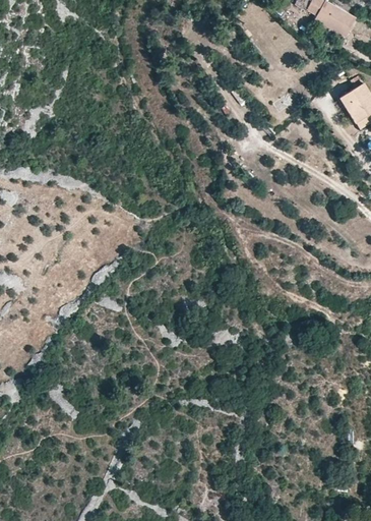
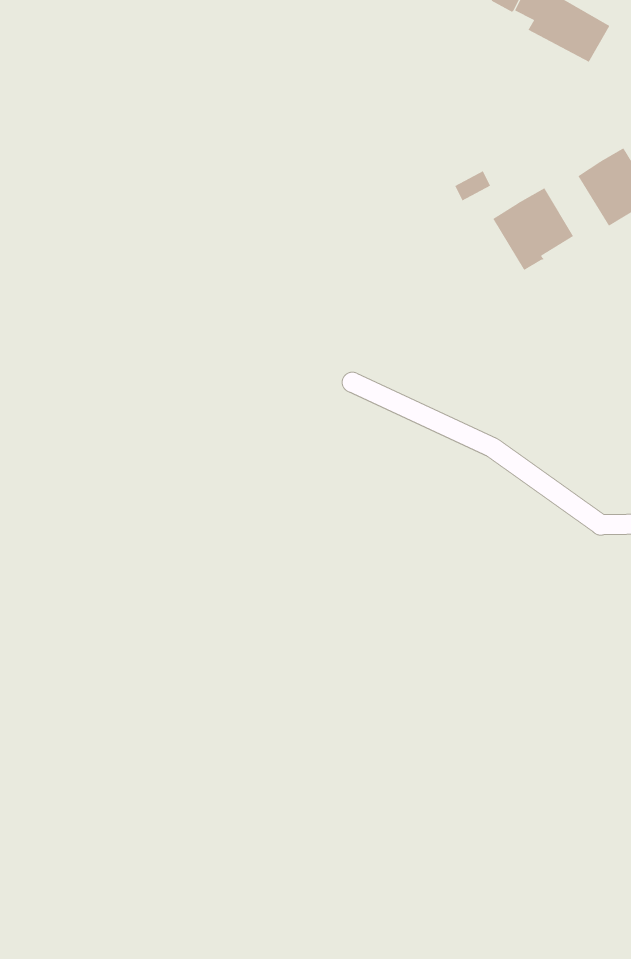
building: none -> [492,188,574,271]

